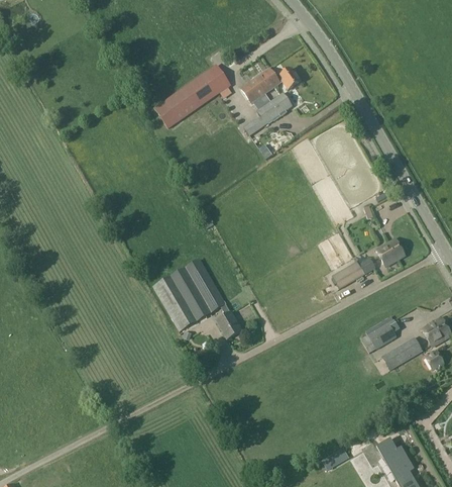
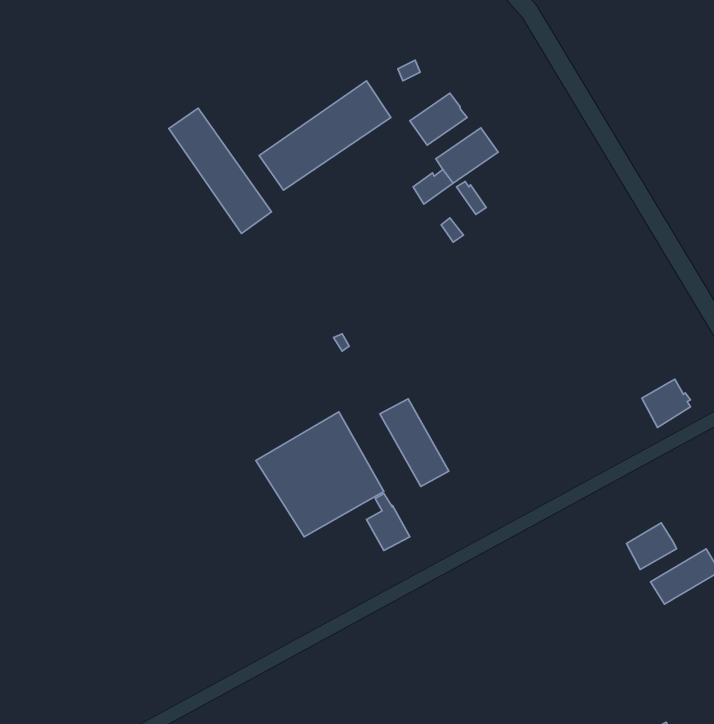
building: [264,67,301,88] -> none
building: none -> [169,108,271,234]
building: none -> [380,399,449,486]
building: [332,258,375,288] -> none

